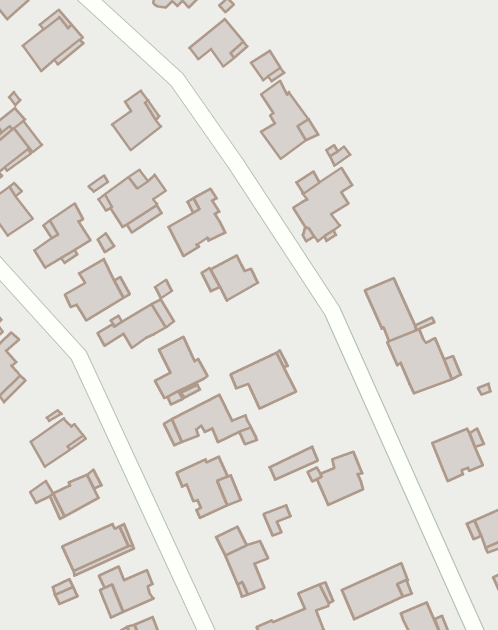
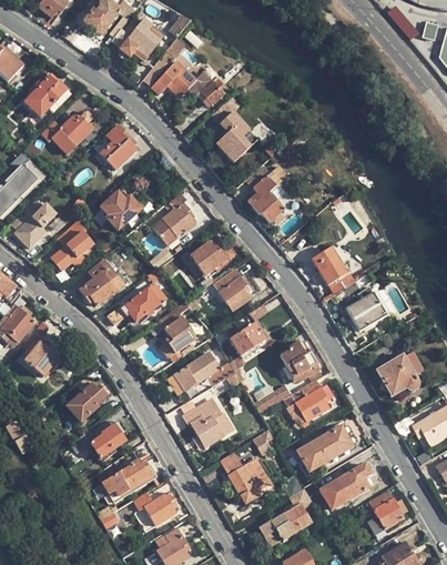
building: none -> [42,111,93,154]
building: none -> [213,268,252,312]
building: none -> [280,339,321,383]
building: none -> [297,425,354,471]

